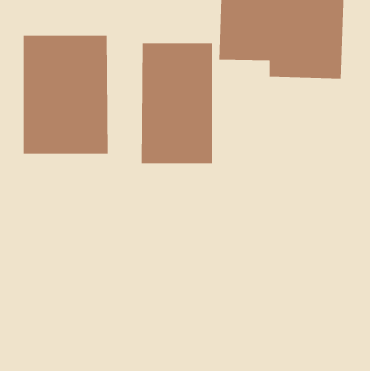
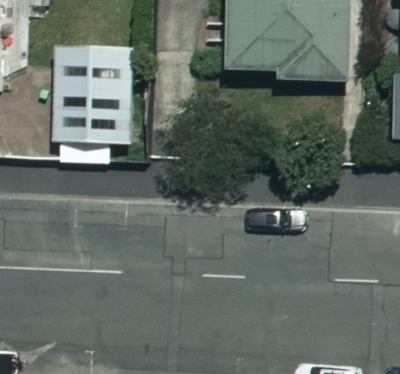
building: [141,43,212,164] -> none

